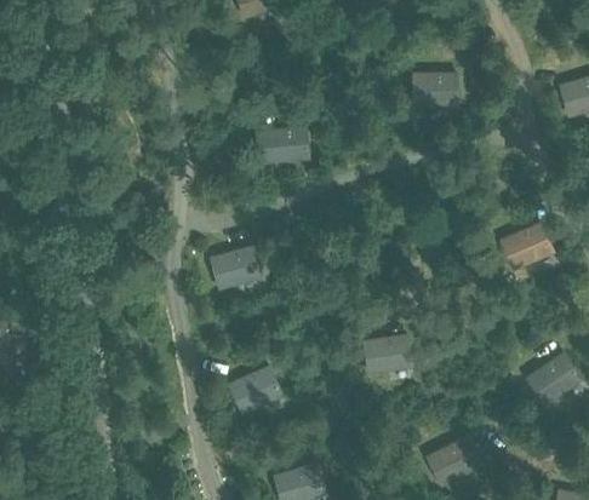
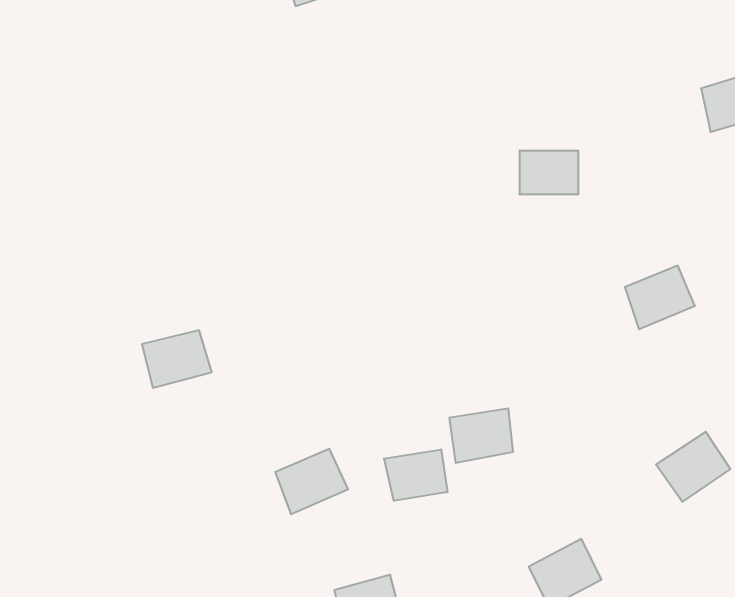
building: [412,73,458,107] -> [519,151,578,194]
building: [256,126,310,165] -> none
building: [210,246,264,291] -> [142,330,212,388]
building: none -> [384,449,448,501]

